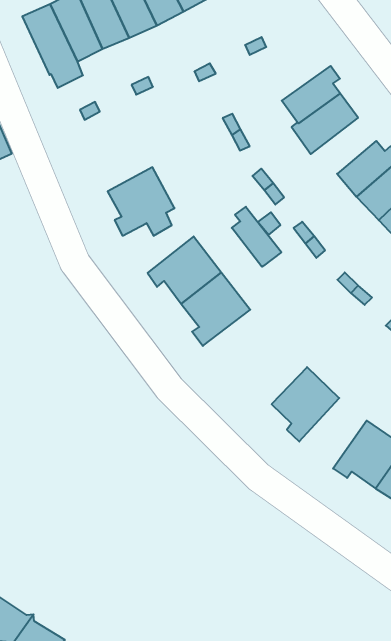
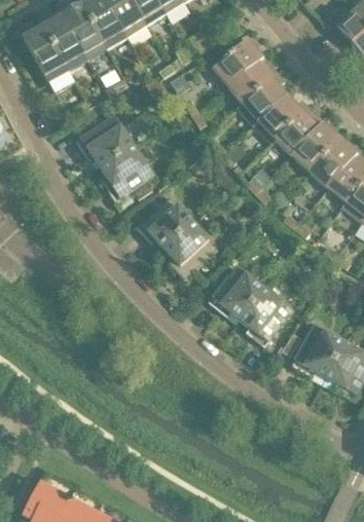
building: none -> [205,37,261,84]
building: none -> [252,92,301,142]
building: none -> [74,114,132,165]
building: [232,207,281,267] -> none
building: none -> [207,264,263,318]

